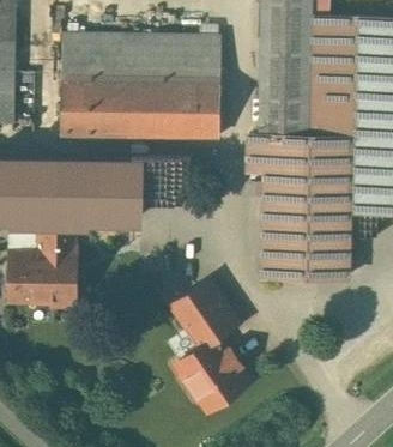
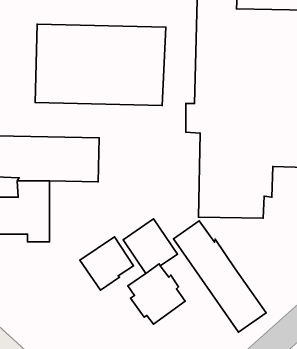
building: none -> [173,221,266,332]
building: none -> [80,237,134,290]

